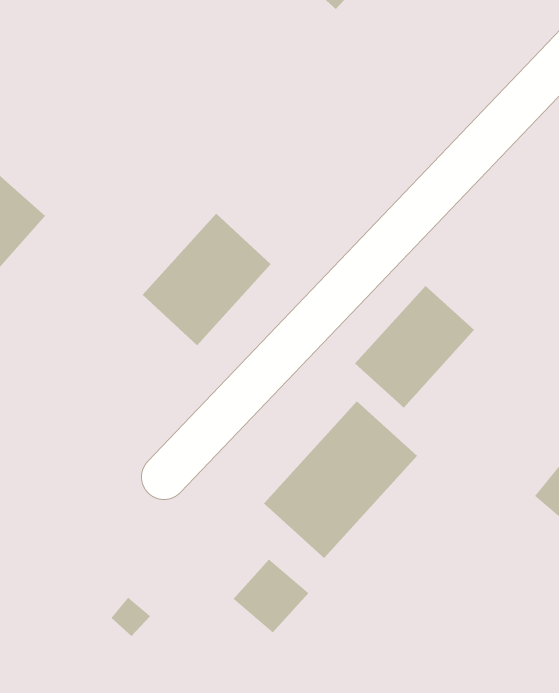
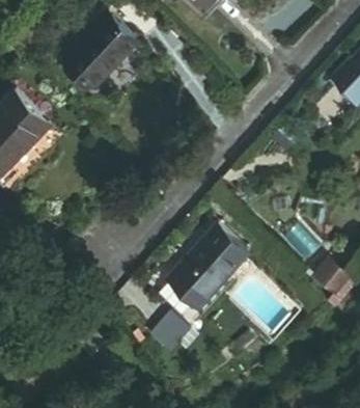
building: [142,213,271,346] -> [67,12,138,85]
building: [354,285,475,408] -> none

